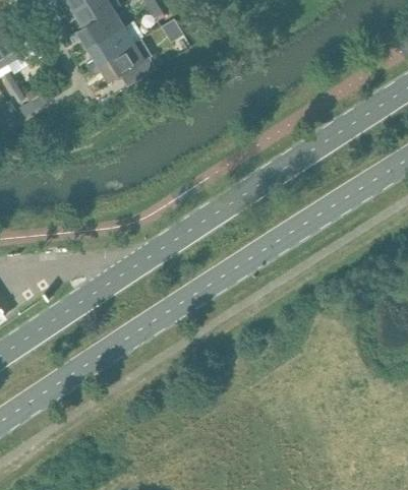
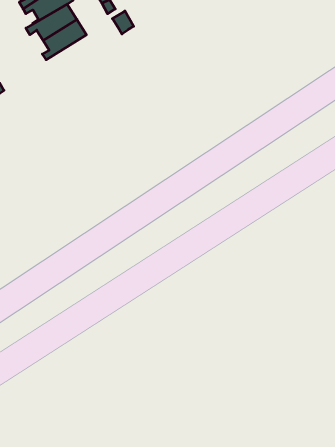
building: [91,43,156,84] -> none

